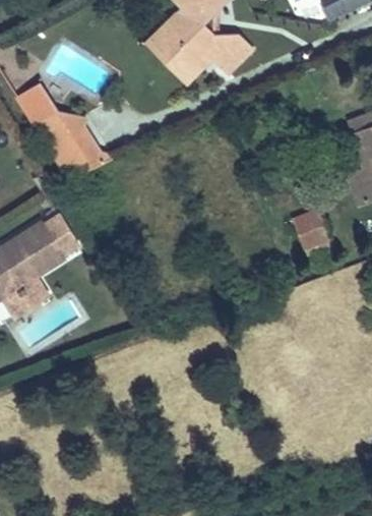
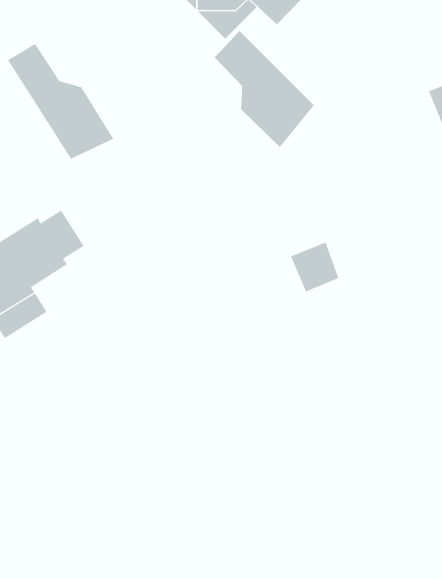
building: none -> [214,30,315,148]
building: [292,210,330,249] -> [290,242,339,292]

